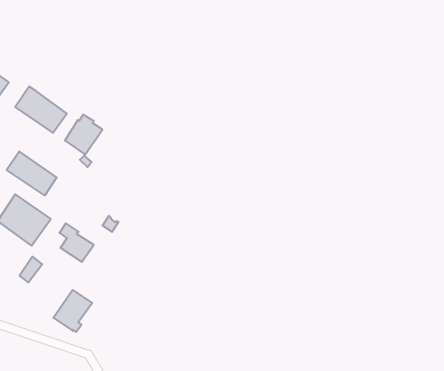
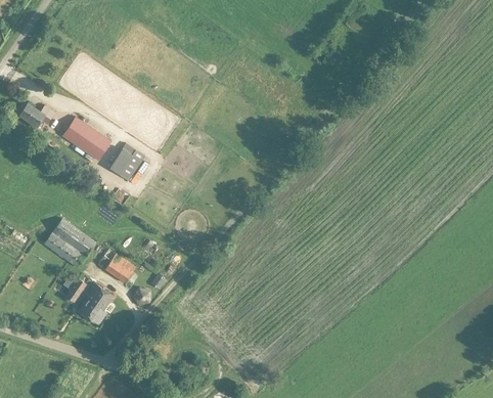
building: [7,151,57,195] -> none
building: [53,290,92,332] -> [77,284,114,324]

